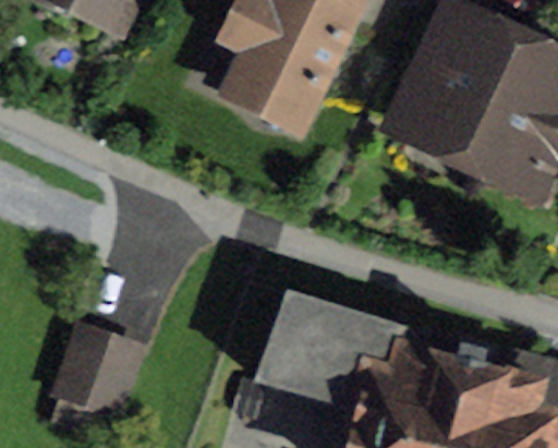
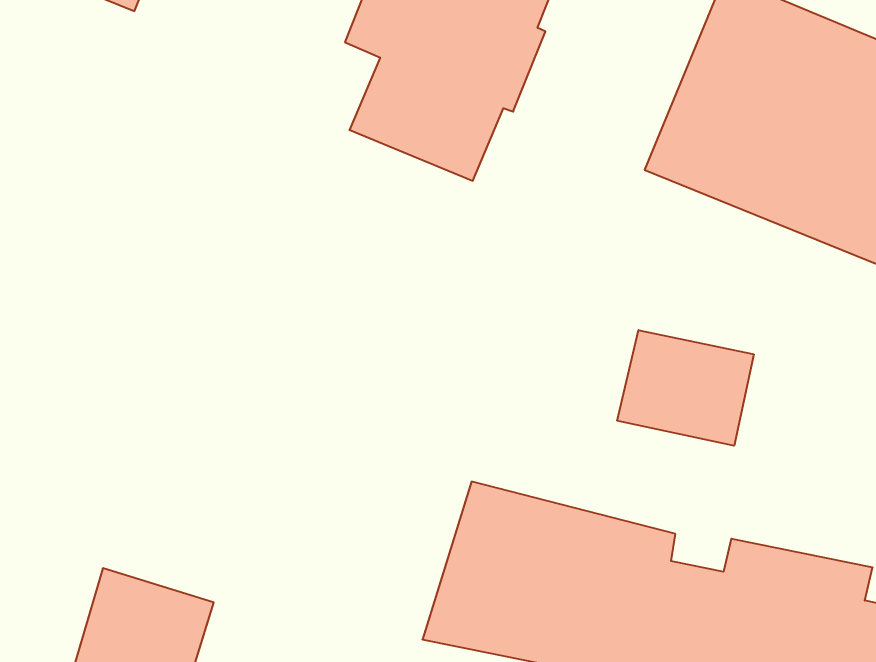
building: none -> [617,330,754,446]

